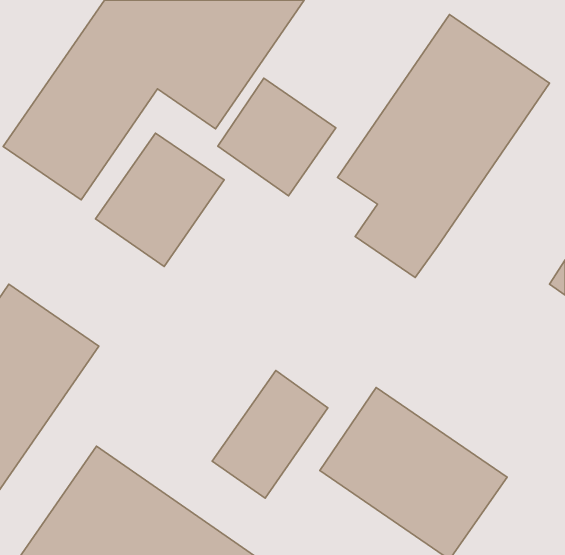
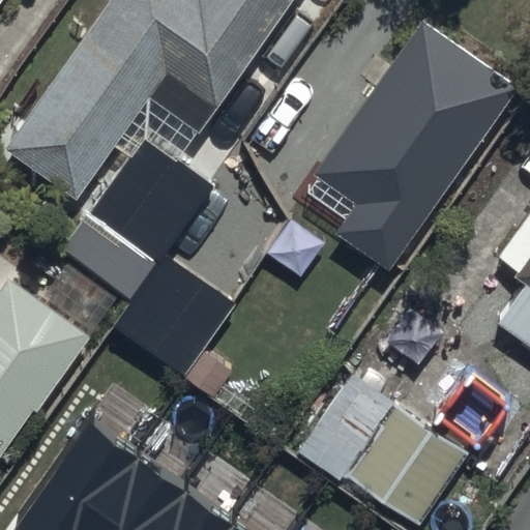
building: [218,78,336,196] -> none
building: none -> [116,258,235,377]
building: [212,370,328,498] -> none

